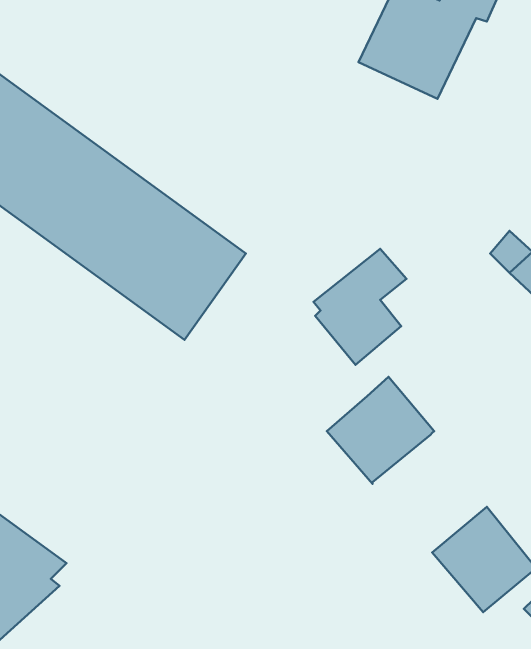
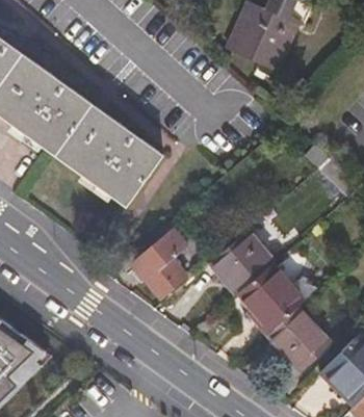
building: [313,249,407,365] -> [132,228,187,296]
building: none -> [235,266,305,336]

